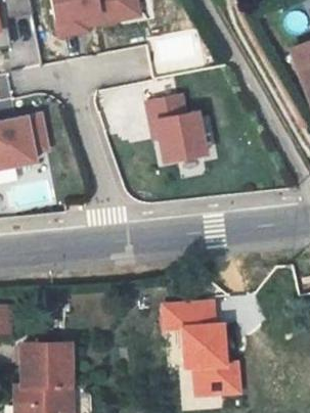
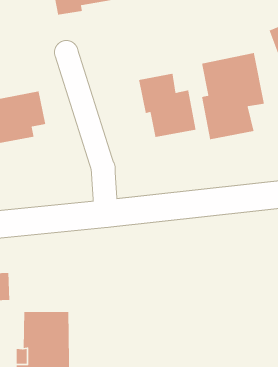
building: none -> [201,52,265,140]
building: [162,302,240,396] -> none

